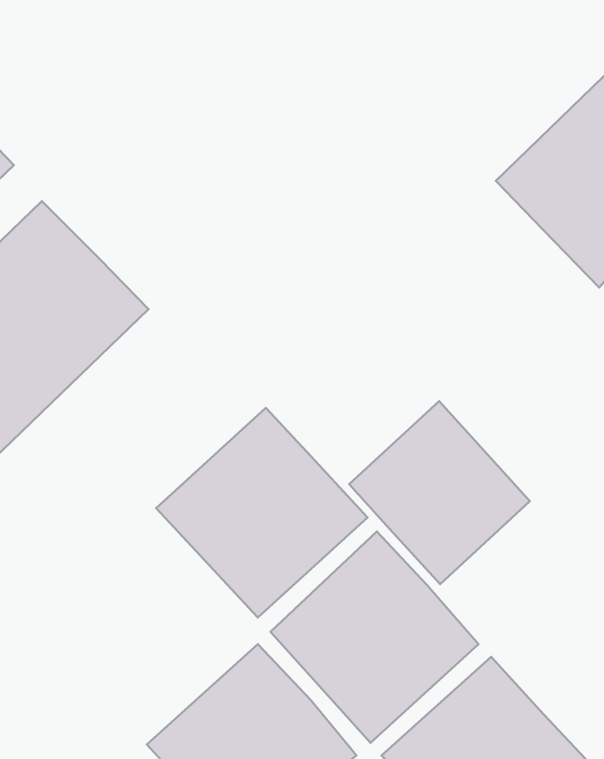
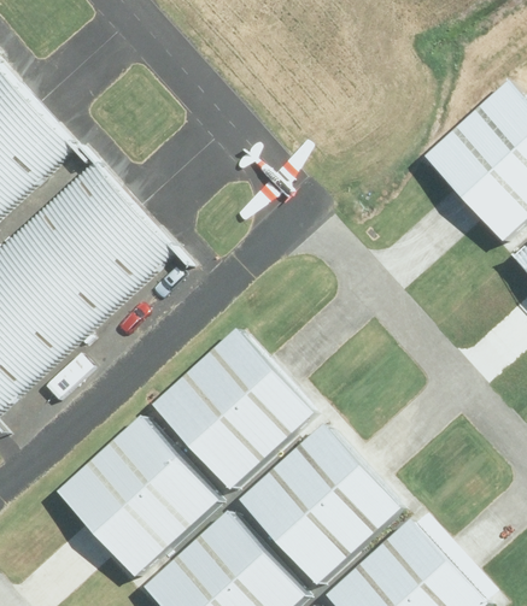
building: [349,401,530,584] -> none
building: none -> [58,417,222,578]

